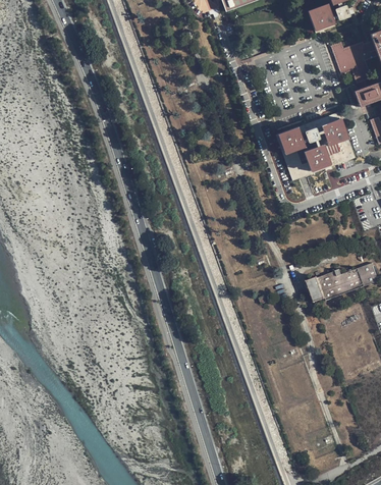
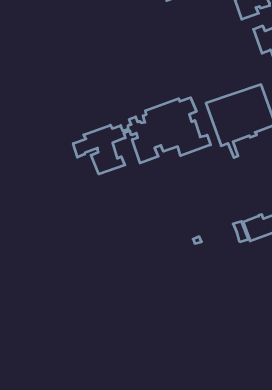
building: none -> [73,98,211,174]

